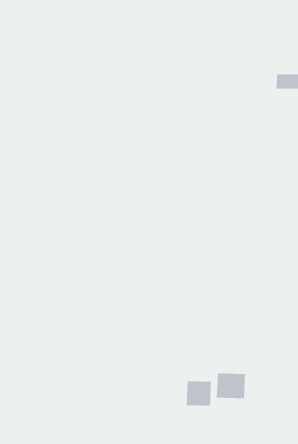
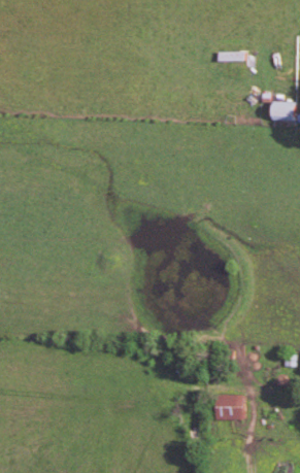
building: [186,380,212,407] -> none

